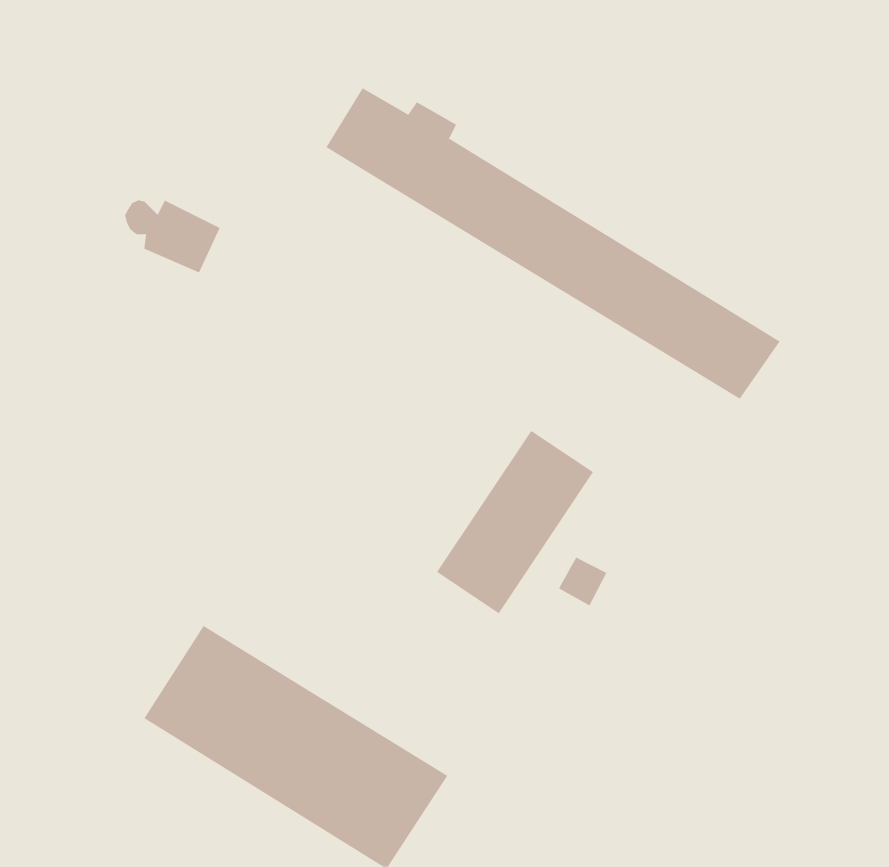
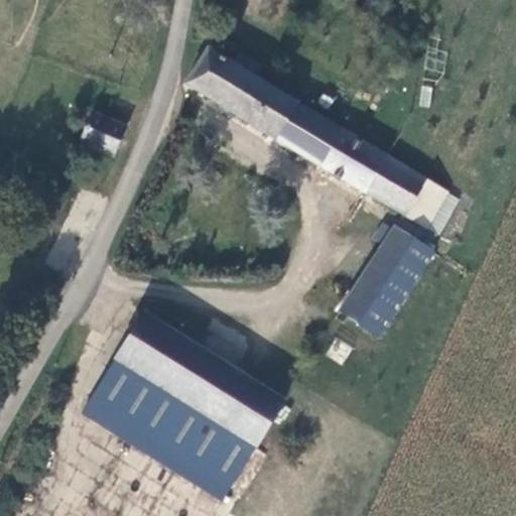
building: [436,430,594,614] -> [343,232,433,338]
building: none -> [117,316,285,446]

